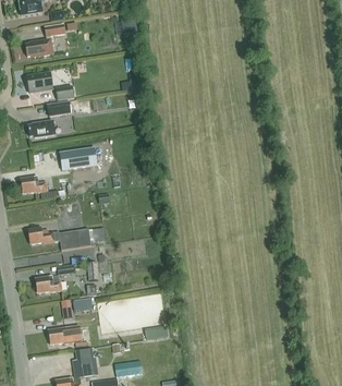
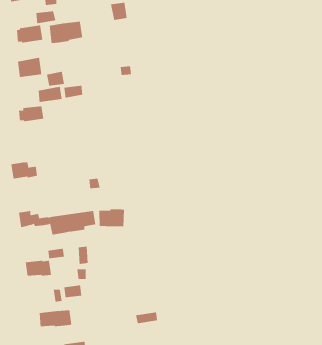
building: none -> [49,21,83,44]
building: [60,148,96,170] -> none
building: none -> [99,209,124,227]

